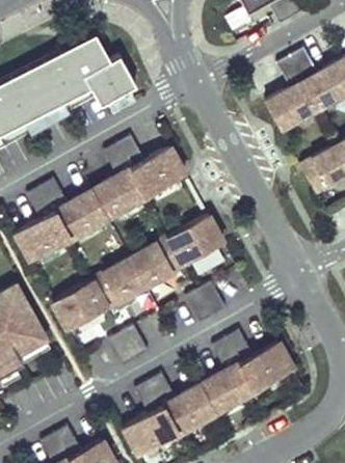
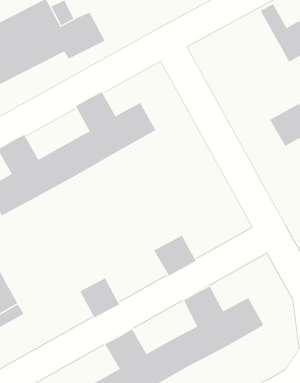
building: [266,56,320,130] -> none
building: [53,216,225,331] -> none

